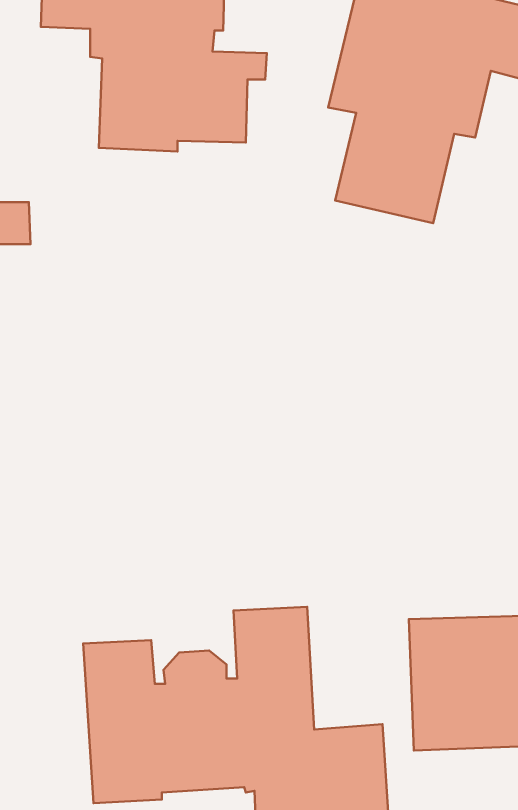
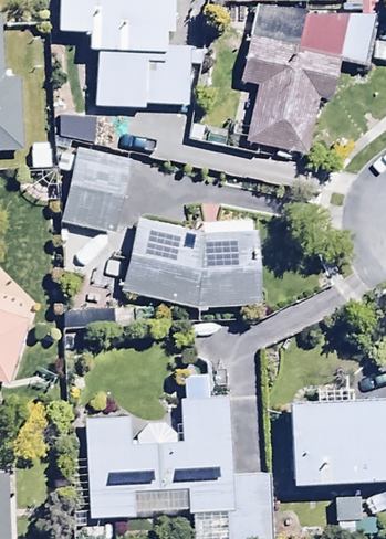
building: none -> [59,146,132,235]
building: none -> [123,218,263,310]

